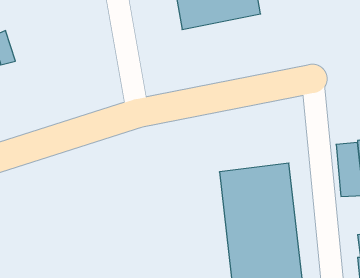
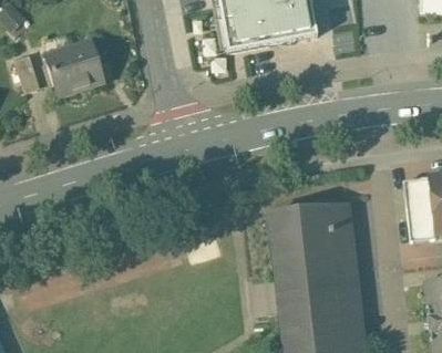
building: none -> [45,40,102,94]

